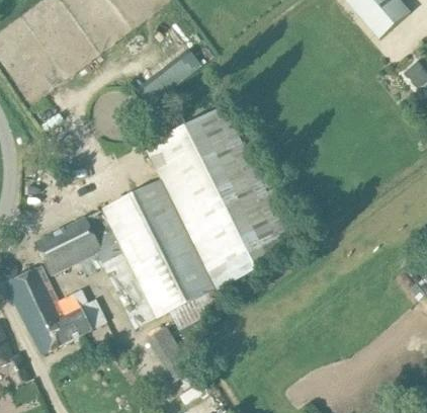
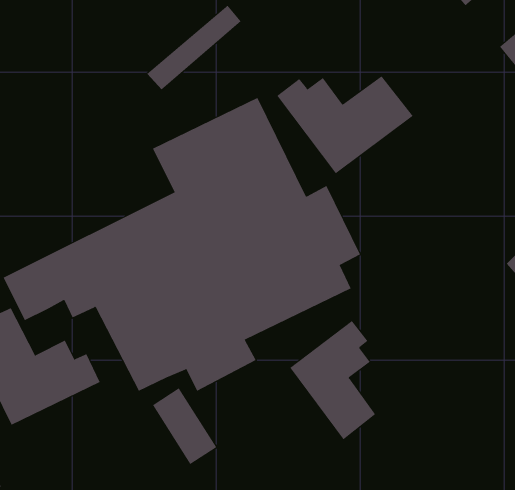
building: none -> [277,76,413,174]
building: none -> [289,320,376,440]

